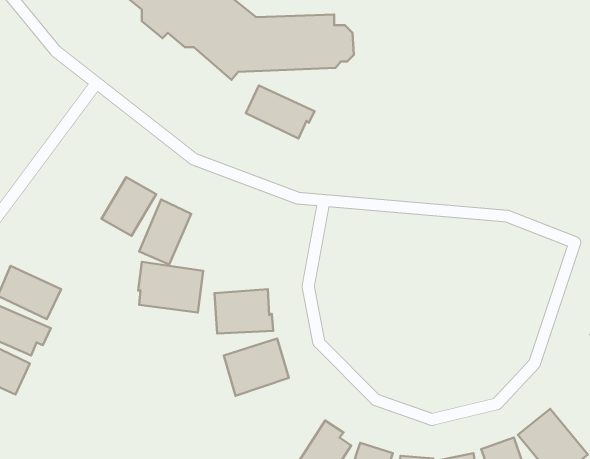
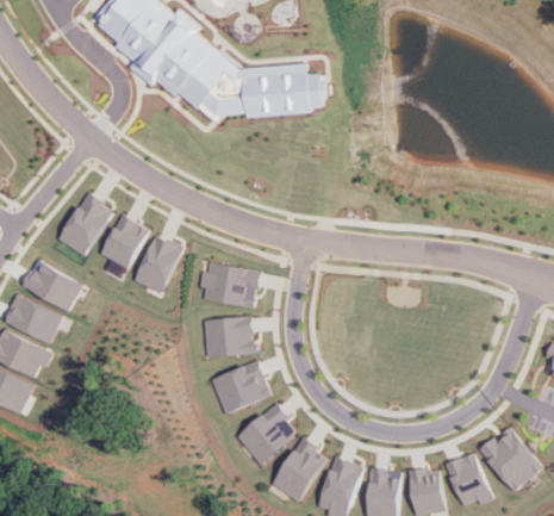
building: [246,86,315,139] -> none
building: none -> [55,193,111,255]
building: none -> [20,261,79,310]
building: [138,262,203,313] -> [198,261,257,307]
building: none -> [235,404,298,466]

